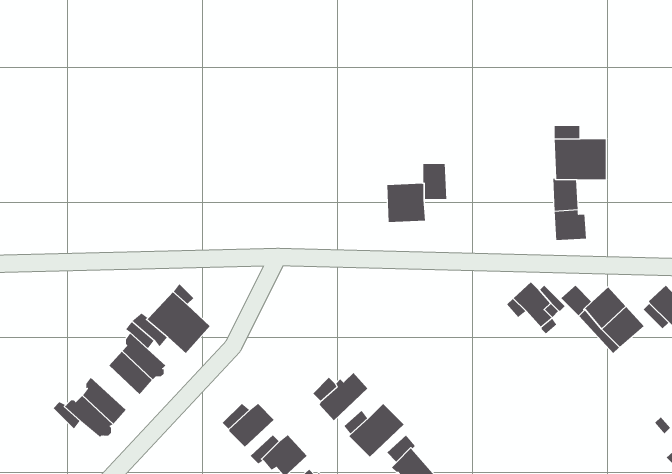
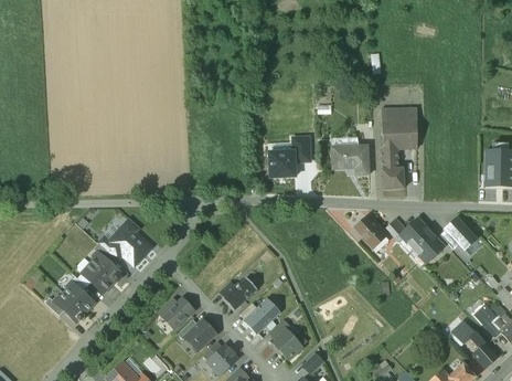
building: none -> [332,145,370,174]

